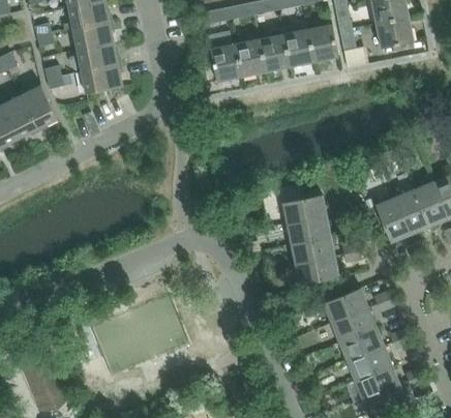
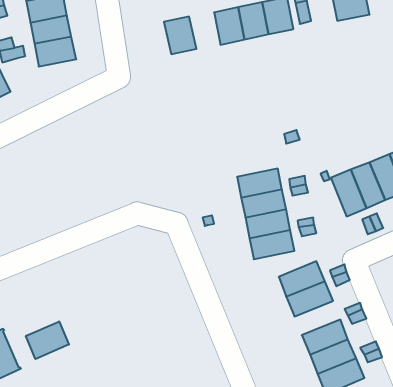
building: [234,39,265,76] -> none
building: [338,326,384,360] -> none
building: none -> [26,321,69,359]

